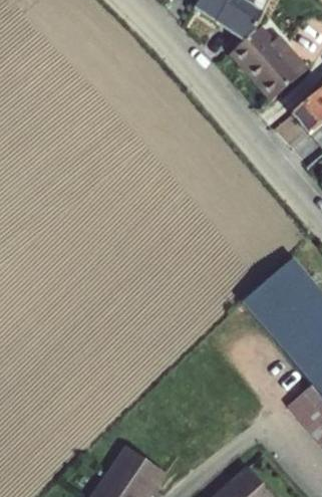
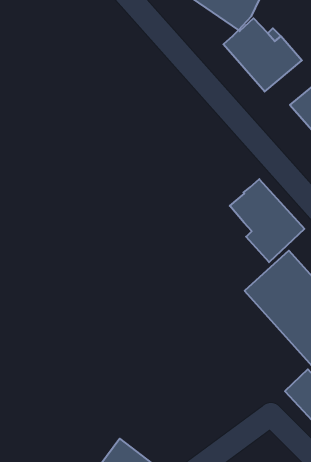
building: none -> [230,179,304,262]

